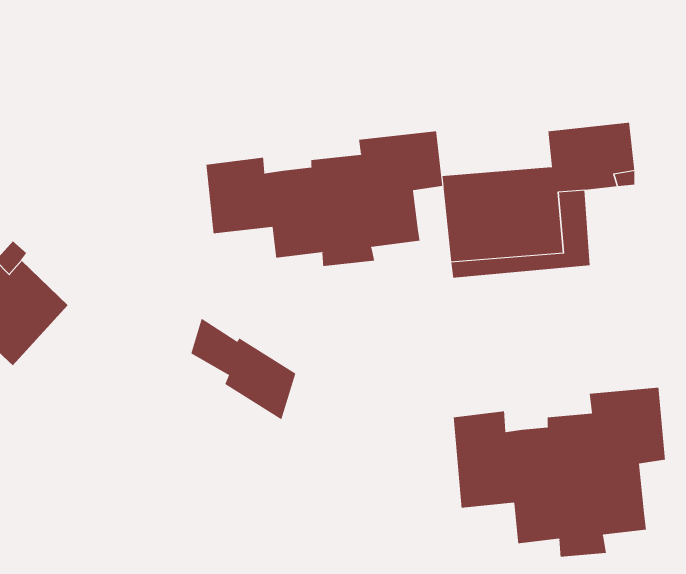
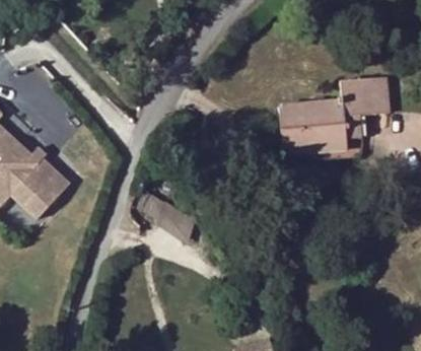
building: [206,131,443,267] -> none
building: [453,387,666,558] -> none

